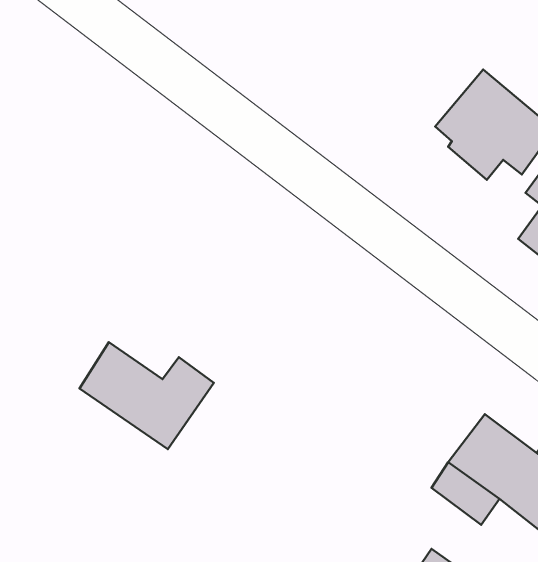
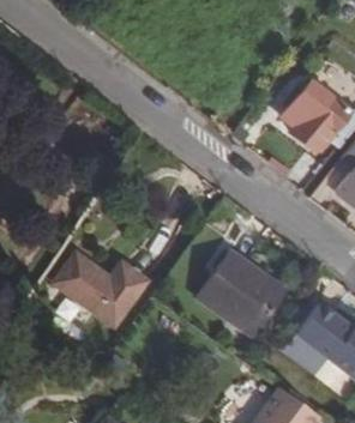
building: none -> [197,252,278,331]

